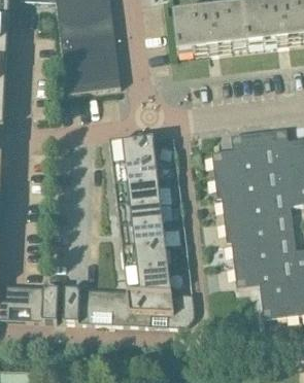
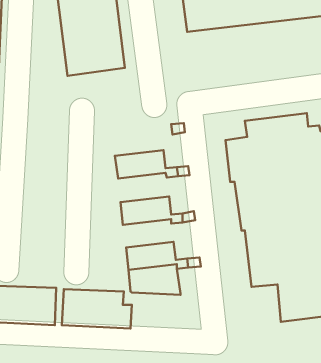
building: [109,138,156,165] -> none
building: [114,180,161,207] -> none
building: [119,222,165,248] -> none
building: [119,288,195,324] -> none

